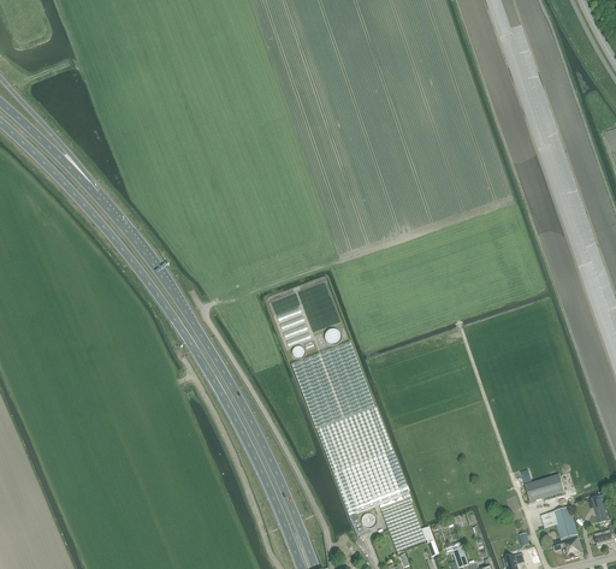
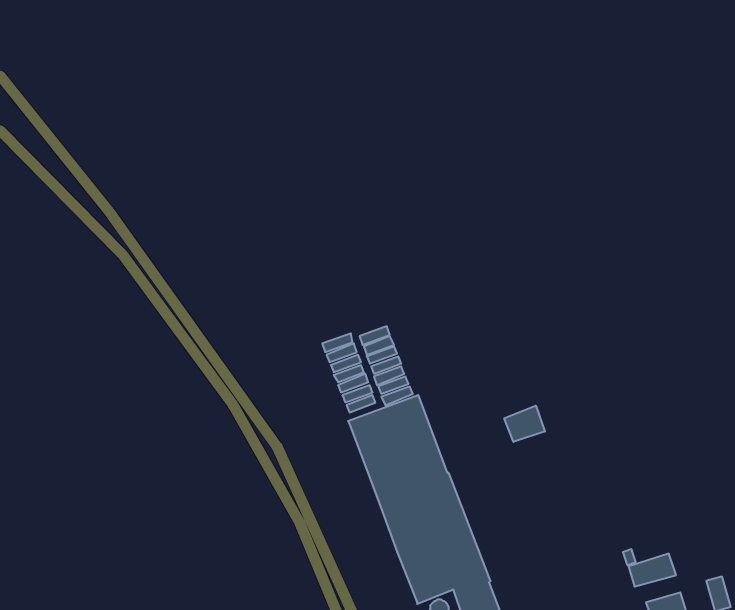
building: none -> [504,406,545,442]

